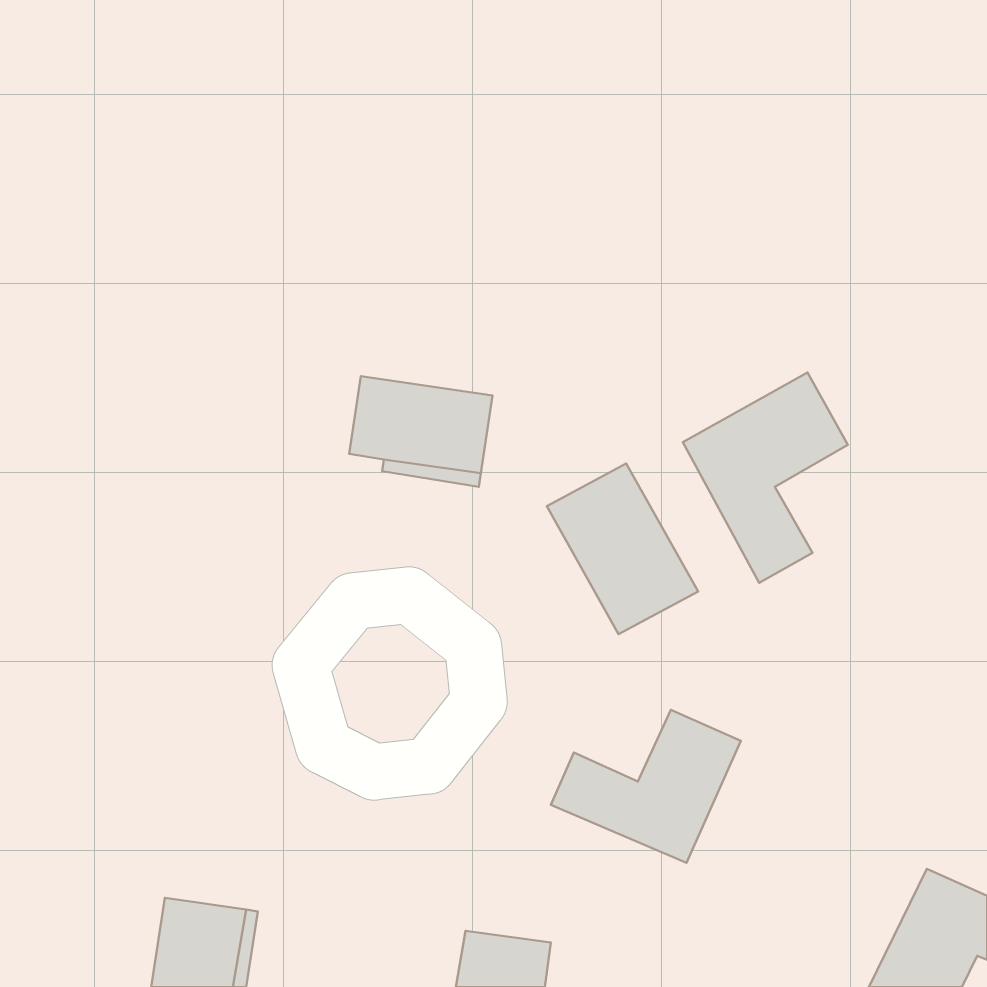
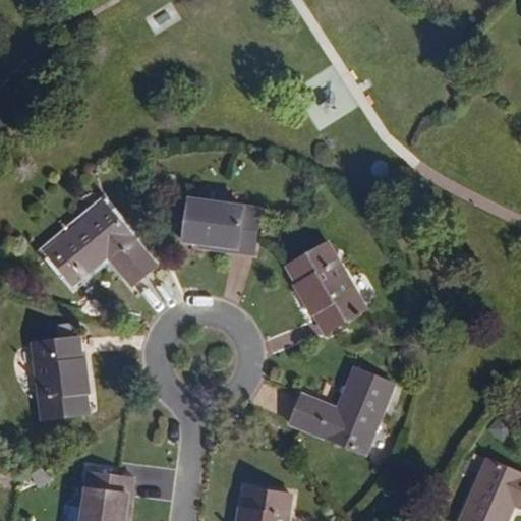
building: [683,372,848,583] -> none
building: none -> [44,201,155,284]
building: none -> [32,335,86,416]

